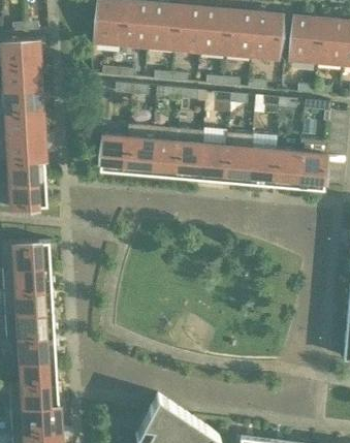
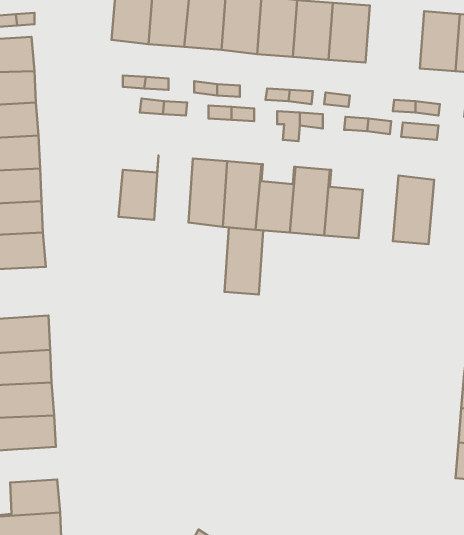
building: [291,18,321,62] -> none
building: [126,125,154,173] -> [225,228,263,295]
building: [274,139,303,187] -> none
building: [20,336,56,361] -> none

